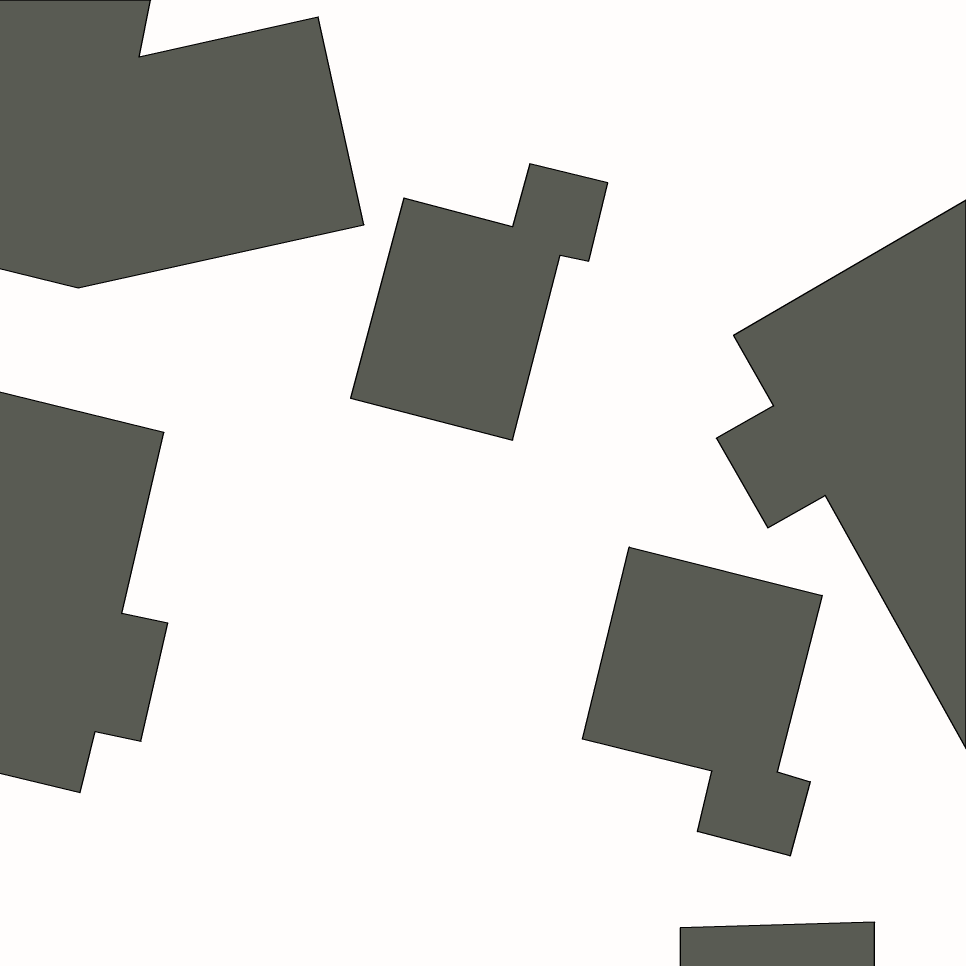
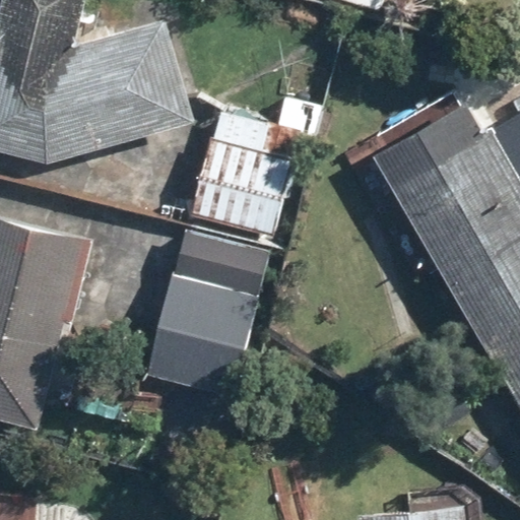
building: none -> [151,232,269,393]
building: [582,547,822,856] -> none

